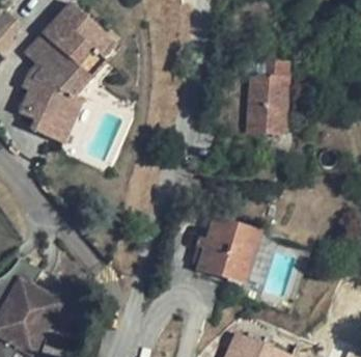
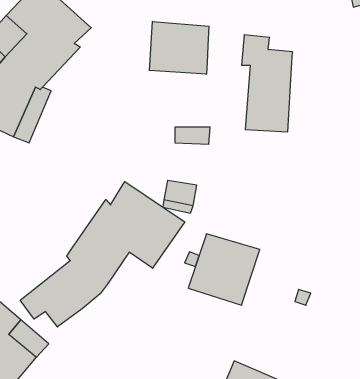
building: none -> [149,21,209,74]
building: none -> [20,182,185,327]

